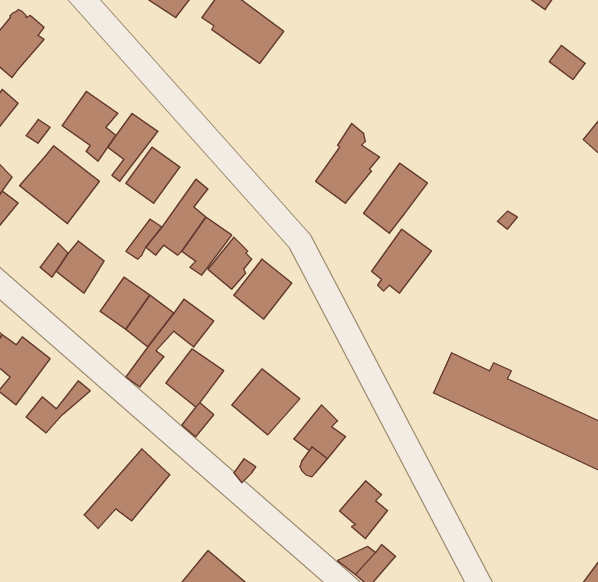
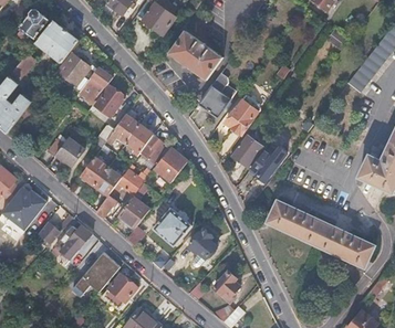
building: none -> [169,32,220,78]
building: [20,146,99,224] -> [34,21,79,64]
building: none -> [248,149,285,182]
building: none -> [59,226,91,261]
building: none -> [102,275,142,315]

